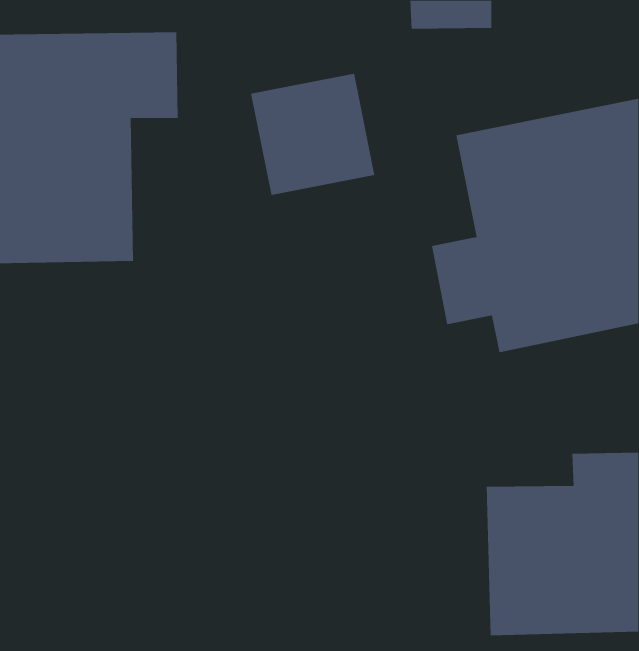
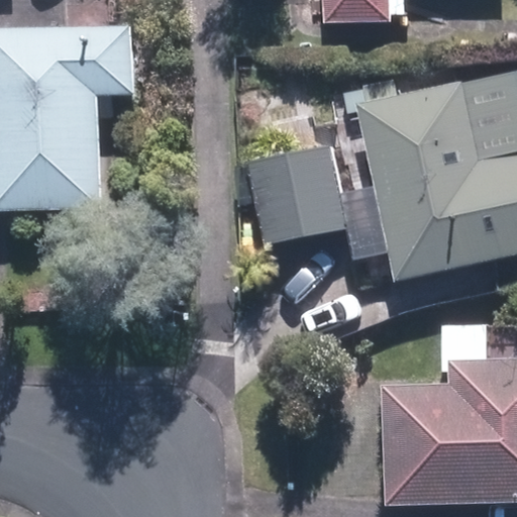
building: [250,73,375,195] -> [246,146,345,243]

